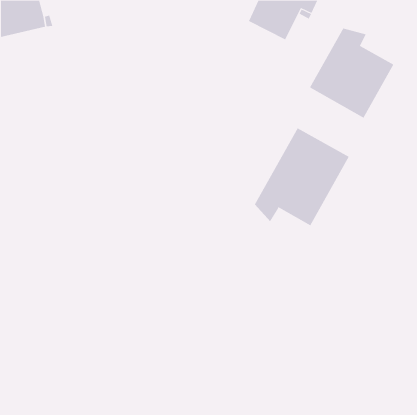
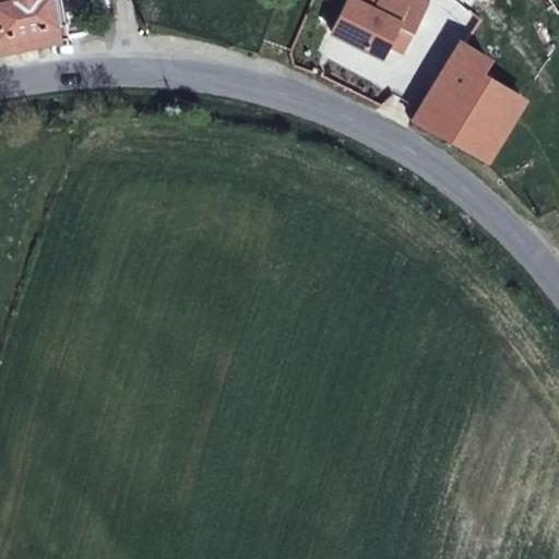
building: [254,128,350,226] -> none

